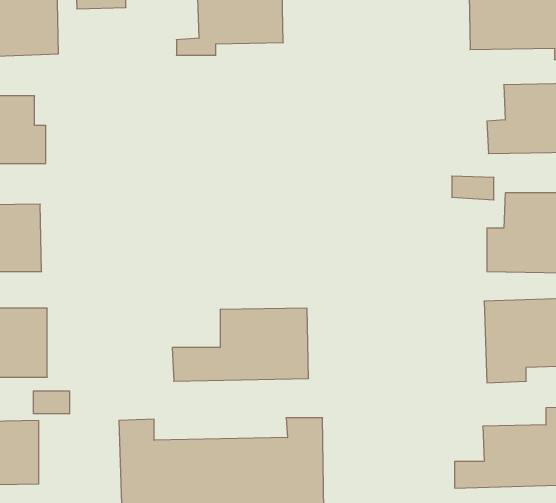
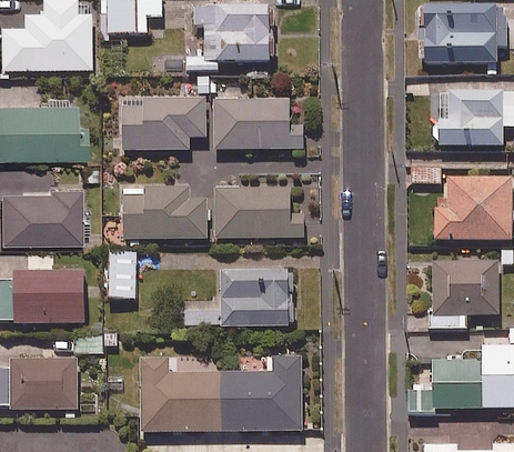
building: none -> [123,96,206,149]
building: none -> [214,97,303,148]
building: none -> [124,184,206,238]
building: none -> [215,187,304,237]
building: none -> [107,251,137,298]

